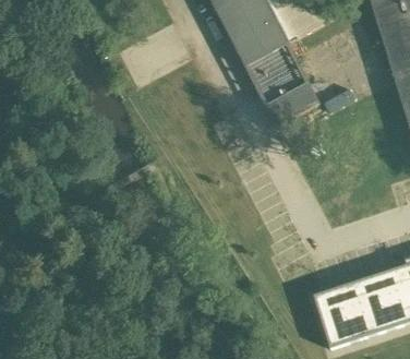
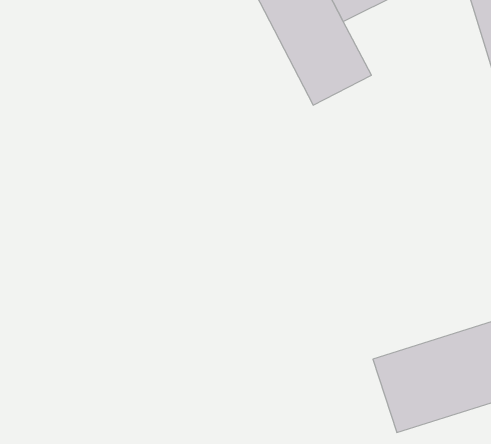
building: [266,86,319,128] -> none

